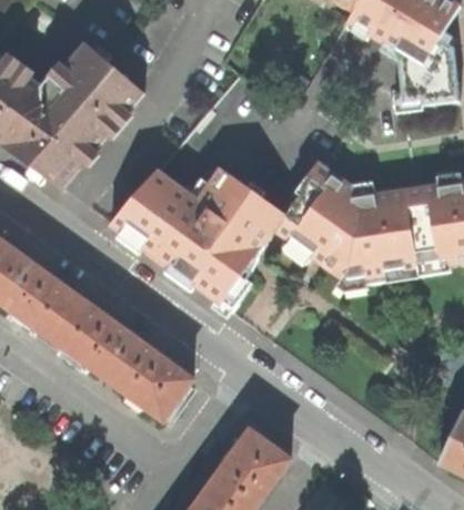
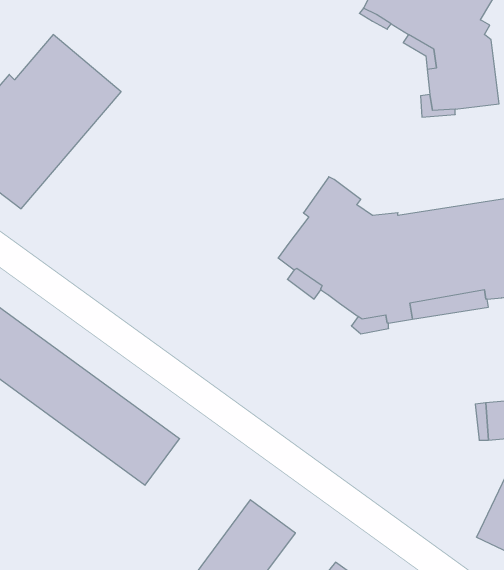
building: [111,169,284,303] -> none

